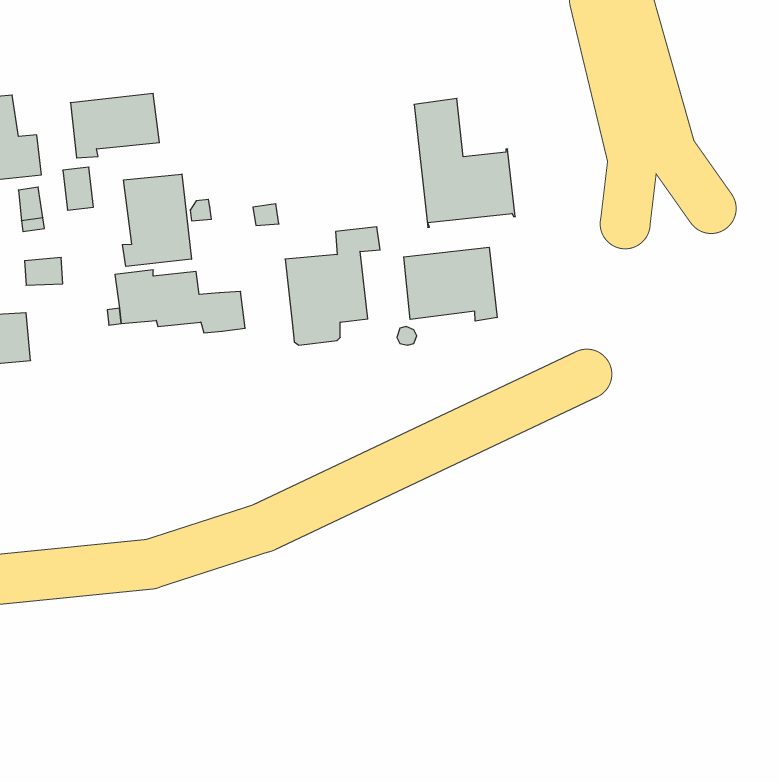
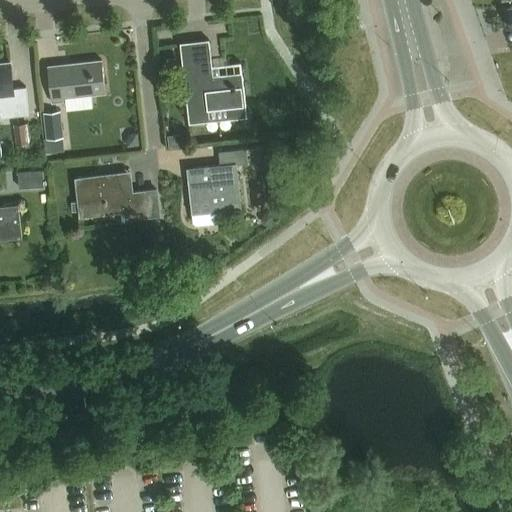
building: [414,98,515,227] -> [179,40,245,124]
building: [122,174,191,266] -> none
building: [404,247,497,321] -> none

